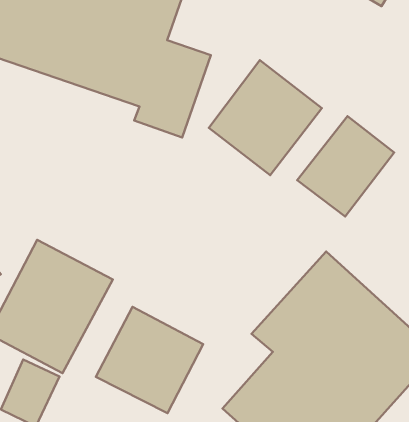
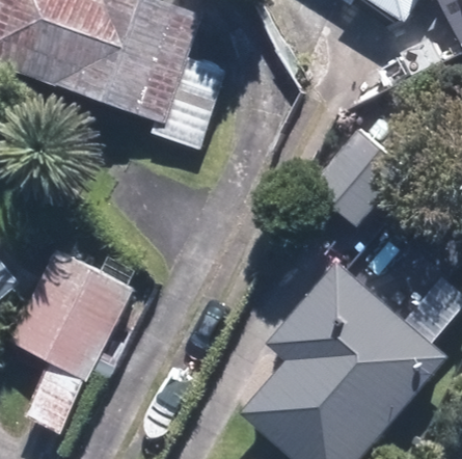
building: [209,60,322,175] -> none
building: [96,307,203,413] -> none

